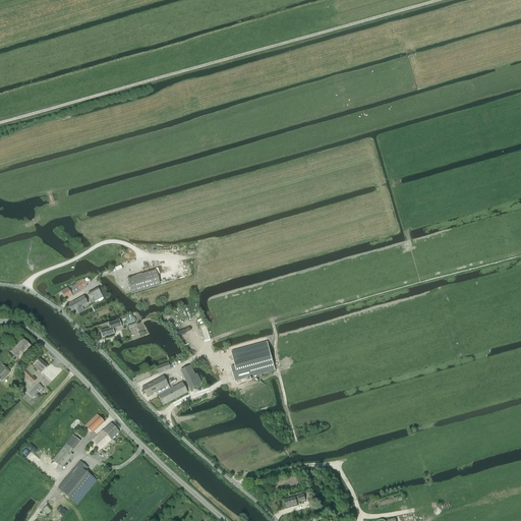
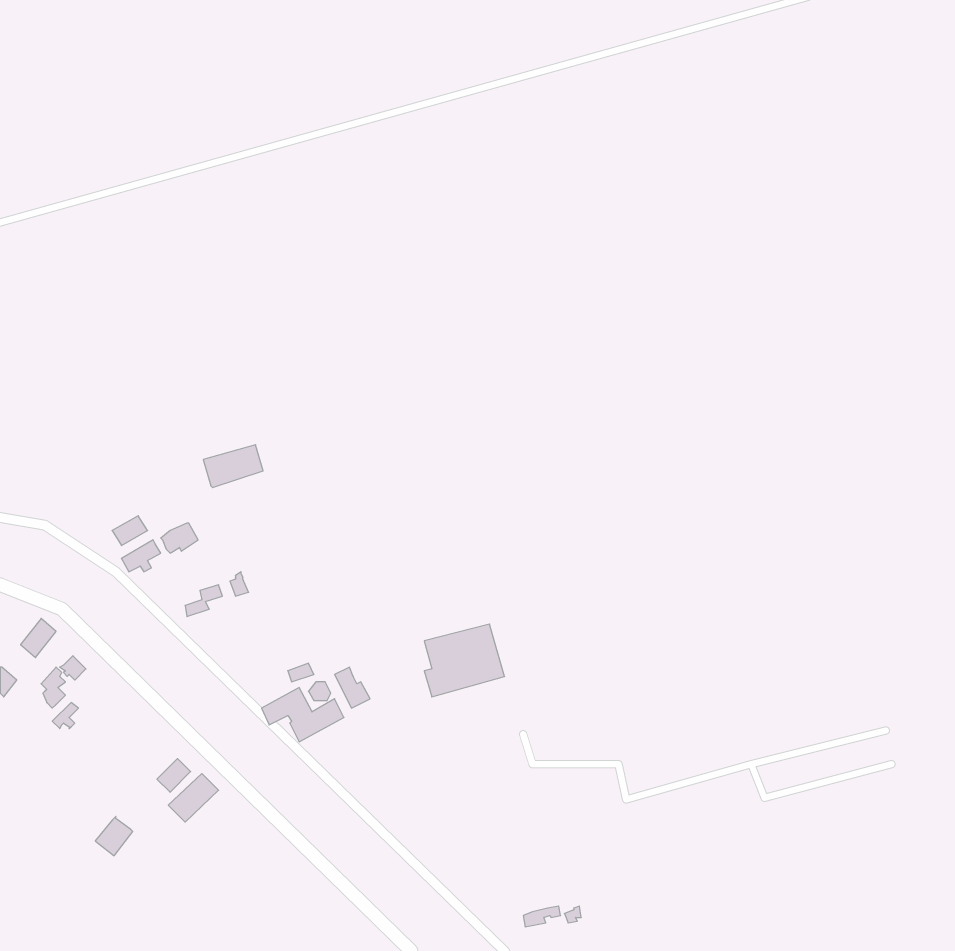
building: [127,269,160,292] -> [203,445,263,488]
building: [58,460,97,503] -> none

